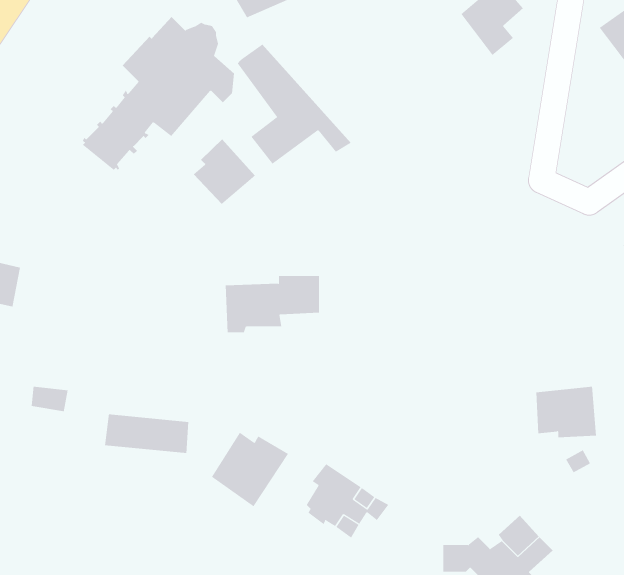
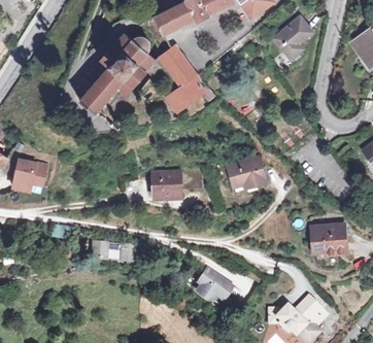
building: [193,139,256,205] -> none
building: none -> [233,158,267,185]
building: [211,432,289,507] -> none

